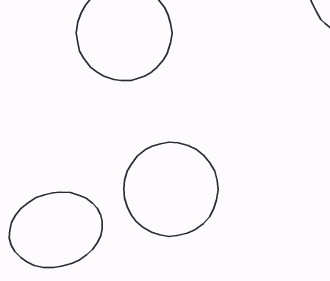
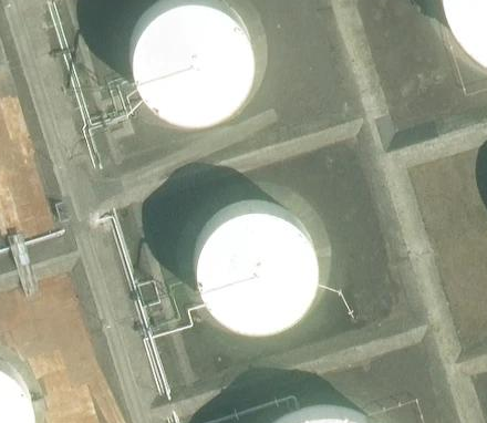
building: [9,192,102,268] -> none

